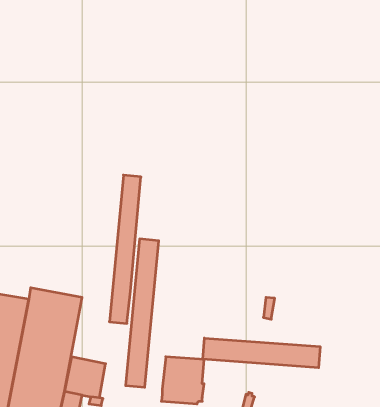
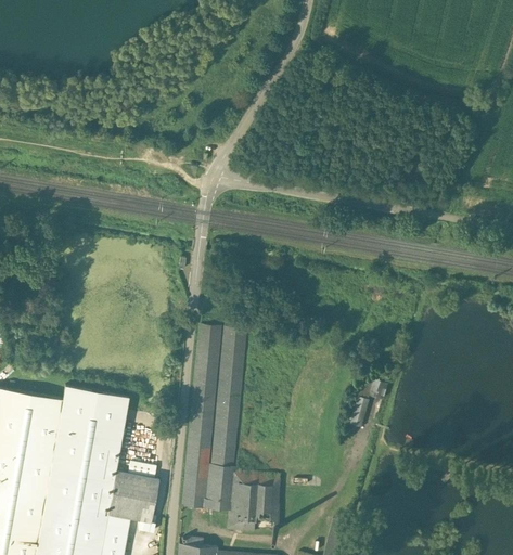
building: [109,175,141,323] -> [207,327,246,512]
building: [203,338,320,368] -> none

